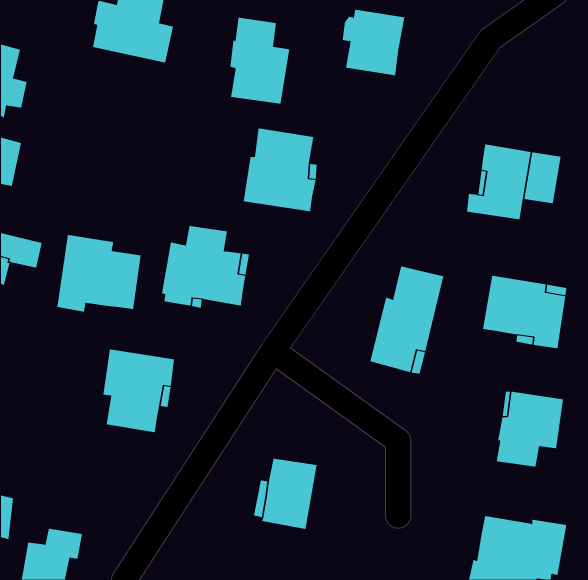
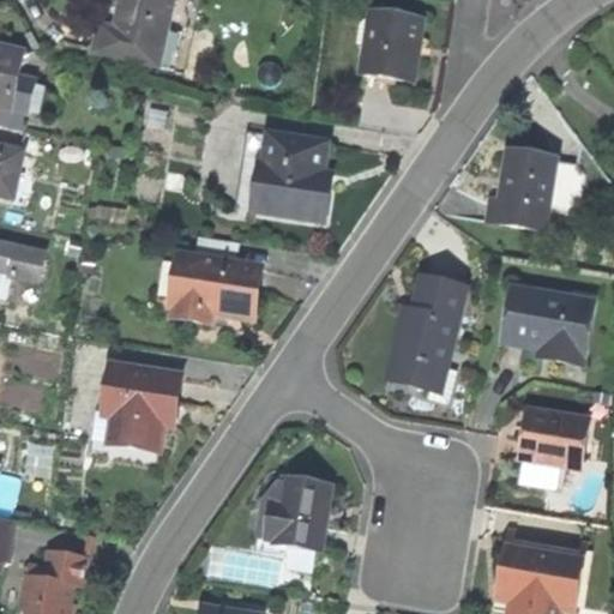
building: [230,17,290,105] -> none
building: [57,234,141,312] -> none

